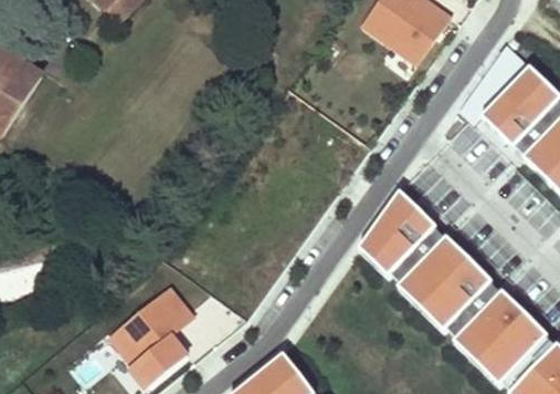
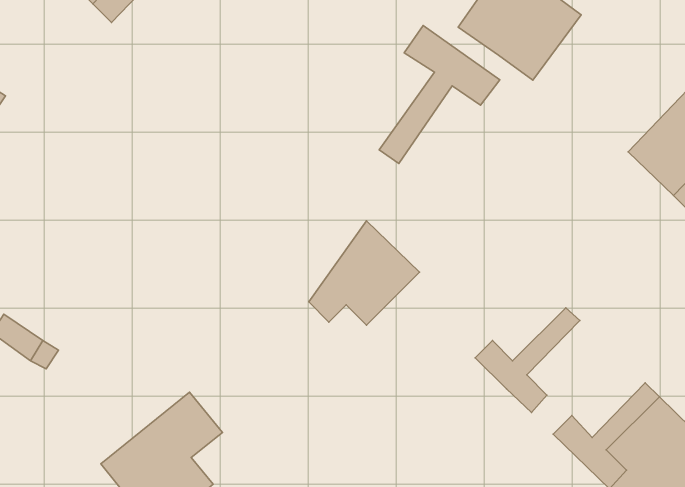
building: none -> [379,26,500,163]
building: [360,189,439,263] -> [309,221,419,325]
building: [411,235,495,318] -> none

